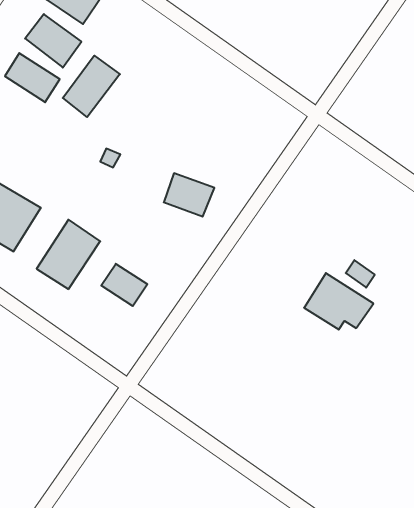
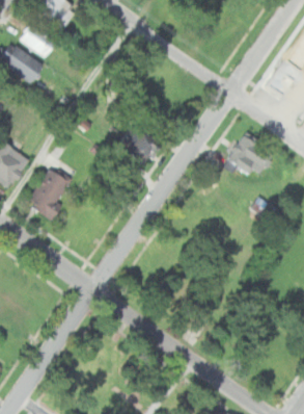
building: [63,56,120,117] -> none
building: [101,264,147,306] -> none
building: [304,273,373,330] -> [220,134,270,175]

